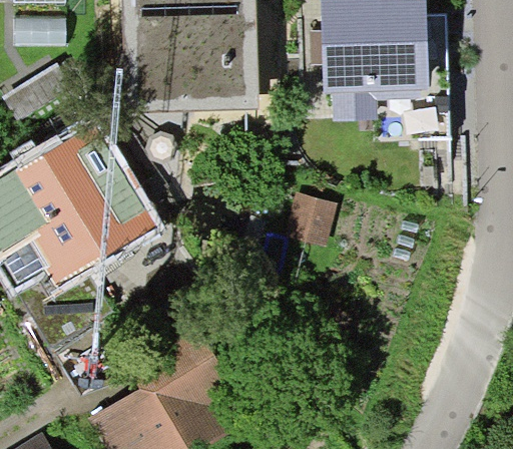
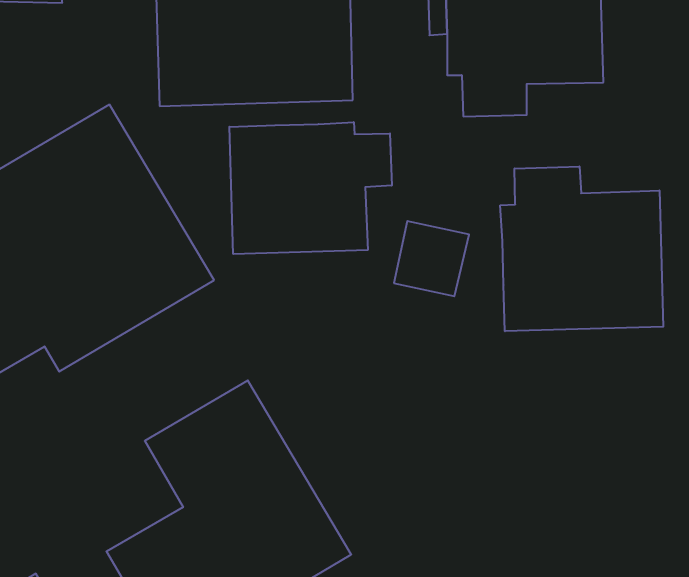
building: none -> [229,122,392,254]
building: none -> [500,166,663,331]

